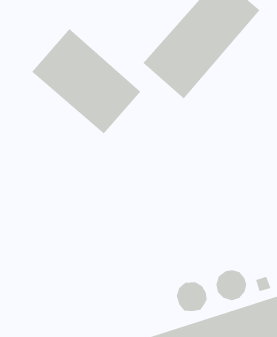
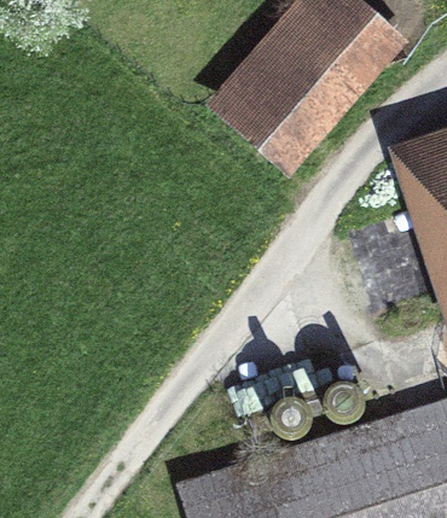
building: [31,28,141,135] -> none

